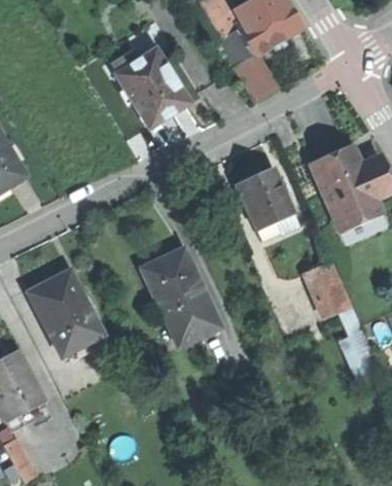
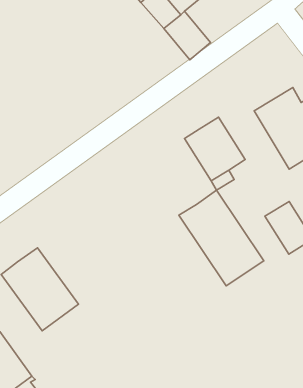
building: [116,49,188,126] -> none
building: [141,249,220,348] -> [179,190,264,286]

